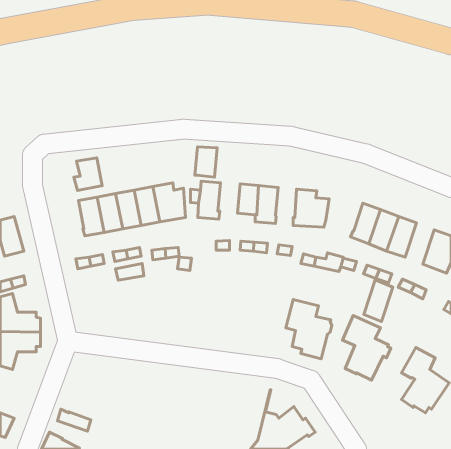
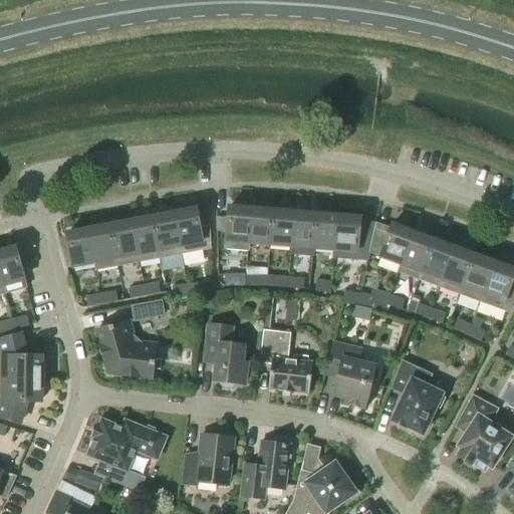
building: [195,147,217,177] -> [248,208,273,242]
building: [74,158,102,190] -> [63,228,95,265]
building: none -> [313,213,337,247]
building: none -> [370,223,413,262]
building: [364,280,393,322] -> [461,253,494,300]
building: none -> [97,319,157,375]
building: none -> [205,322,248,386]
building: none -> [260,328,312,392]
building: none -> [87,418,167,490]
building: none -> [182,432,234,484]
building: none -> [241,440,291,497]

